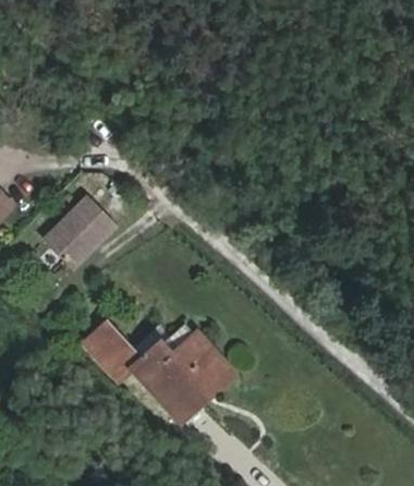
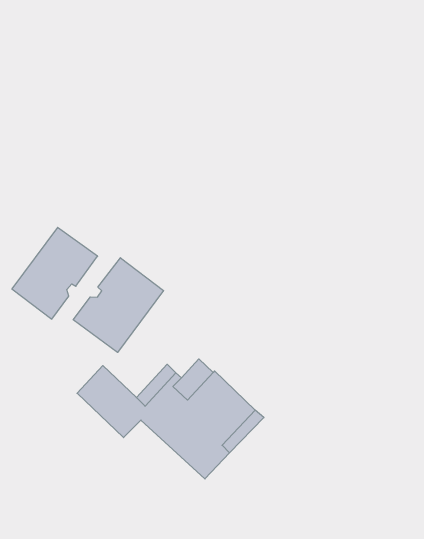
building: none -> [73,258,164,352]

